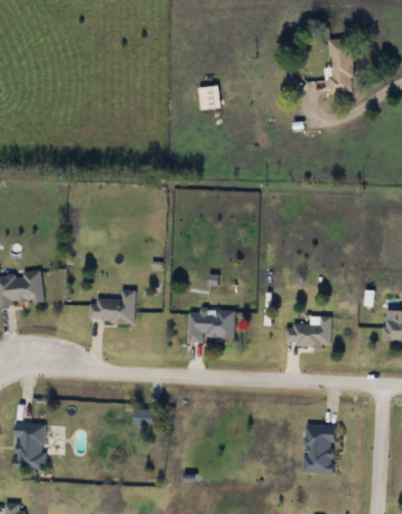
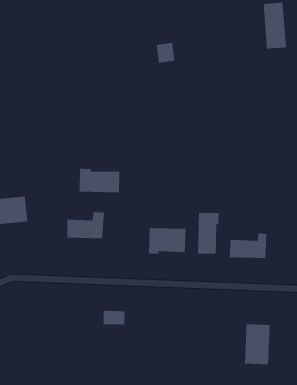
building: none -> [79,168,120,193]
building: none -> [198,212,219,255]
building: [16,422,47,469] -> none

